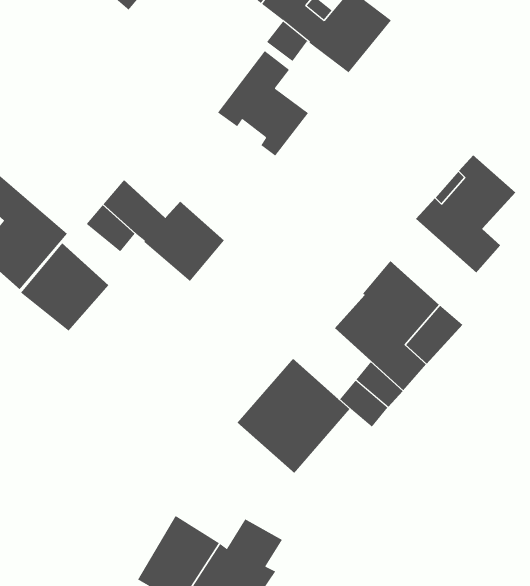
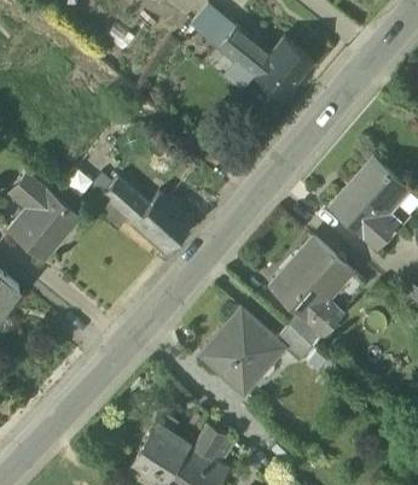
building: [217,50,309,157] -> none
building: [20,243,109,331] -> none

